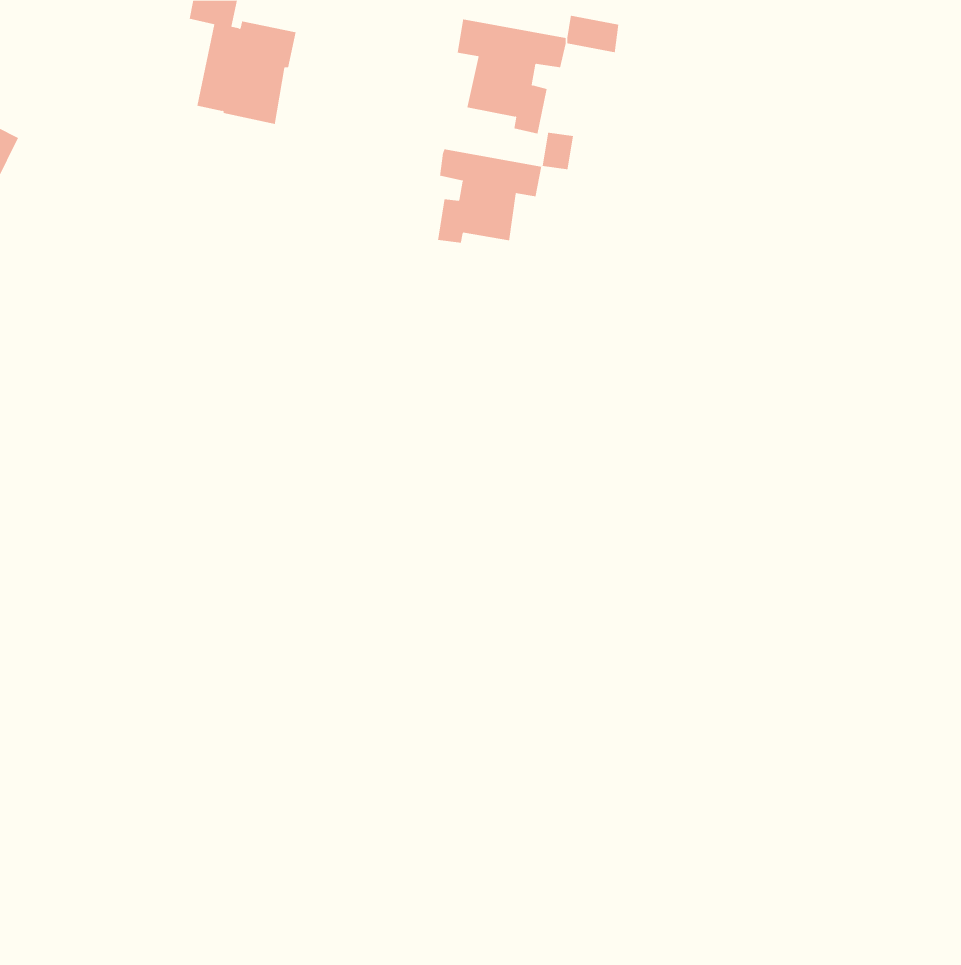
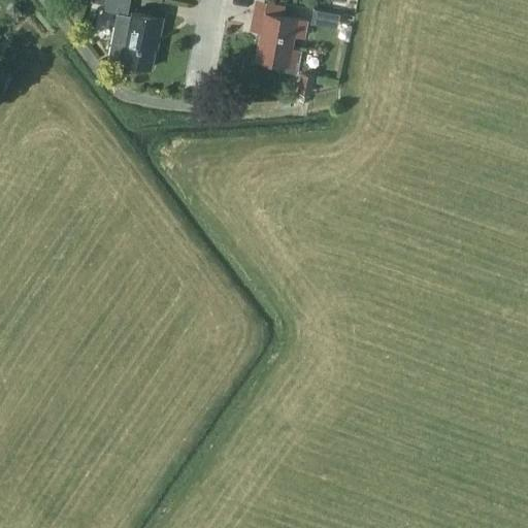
building: [438,148,542,244] -> none

